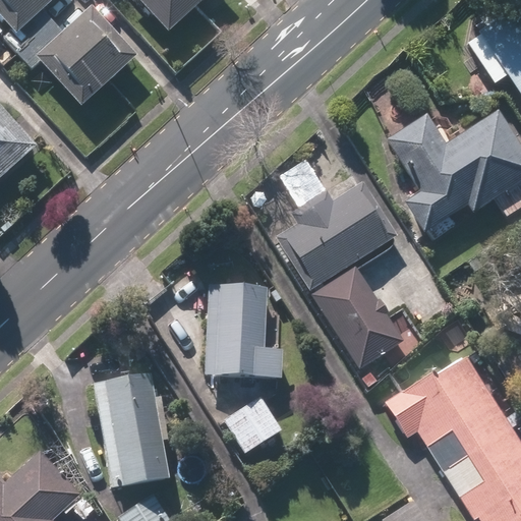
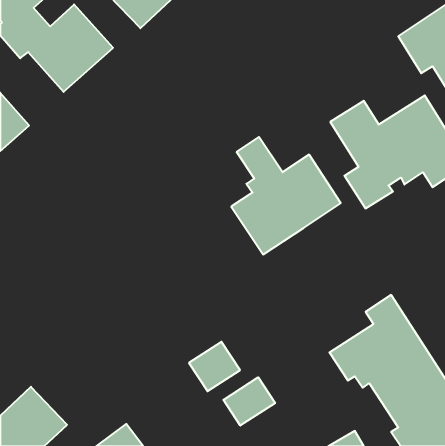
building: [310,263,406,367] -> none
building: [205,284,284,382] -> none
building: [93,373,169,488] -> none
building: none -> [223,377,275,426]

